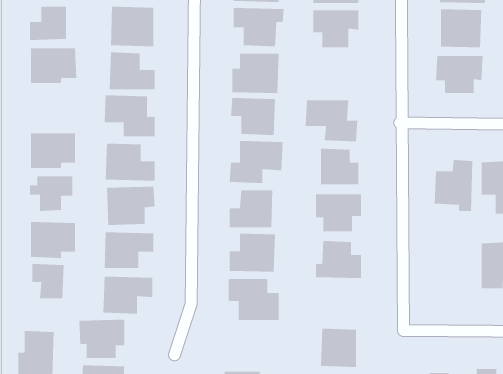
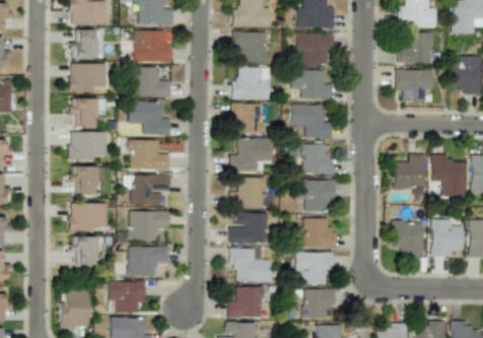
building: none -> [291,70,333,99]
building: none -> [71,98,106,127]
building: none -> [392,221,422,257]
building: none -> [295,253,333,284]
building: none -> [228,287,263,318]

